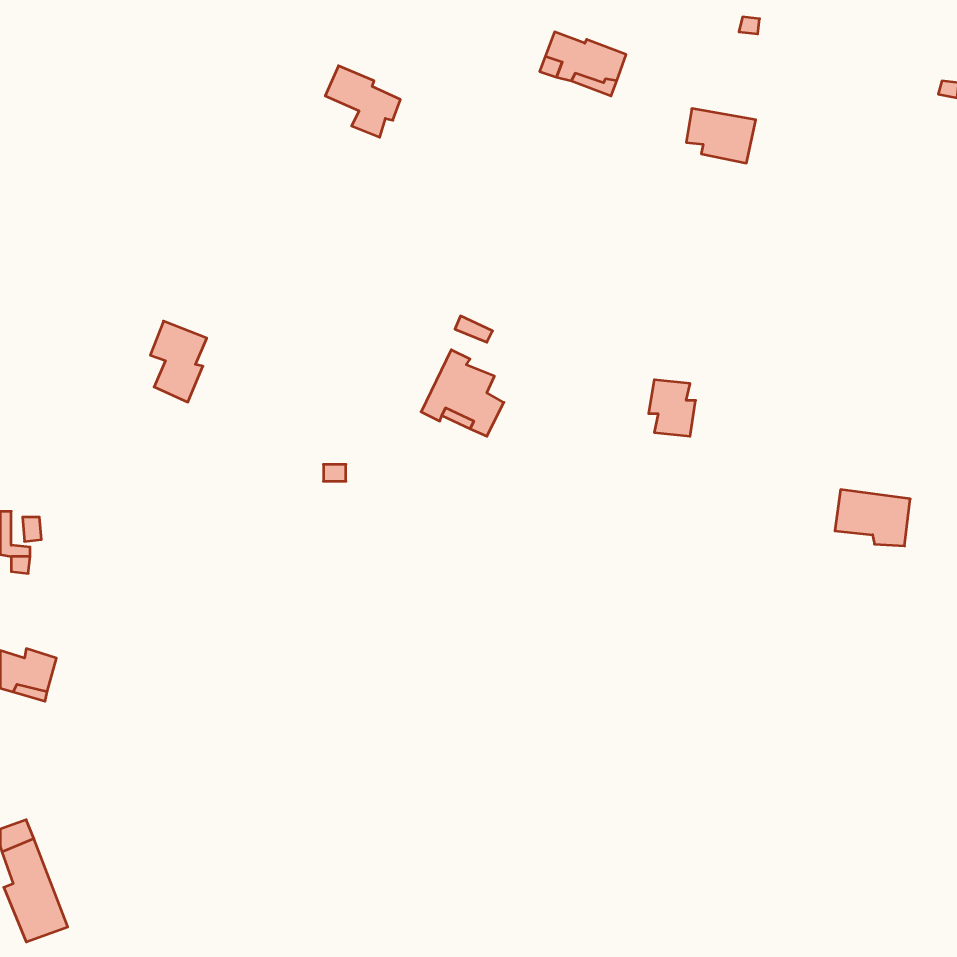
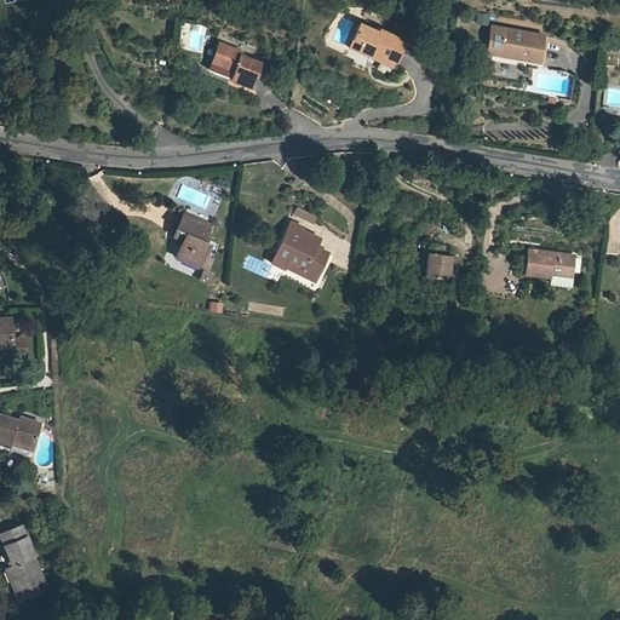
building: [686,109,756,163] -> [495,23,540,58]
building: [150,321,207,402] -> [174,217,211,269]
building: [835,490,910,546] -> [524,248,573,285]

